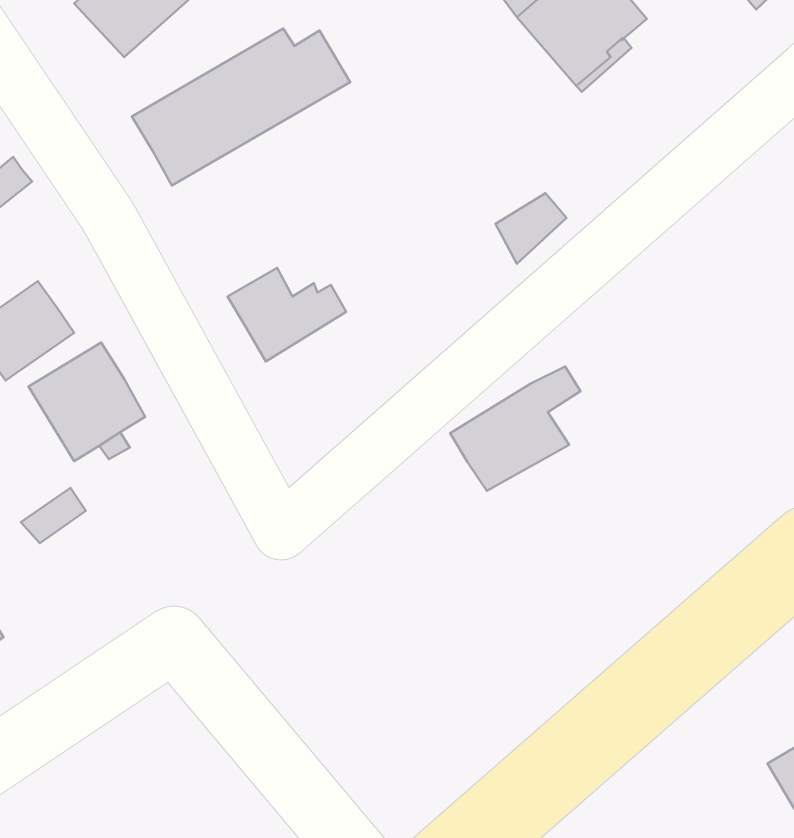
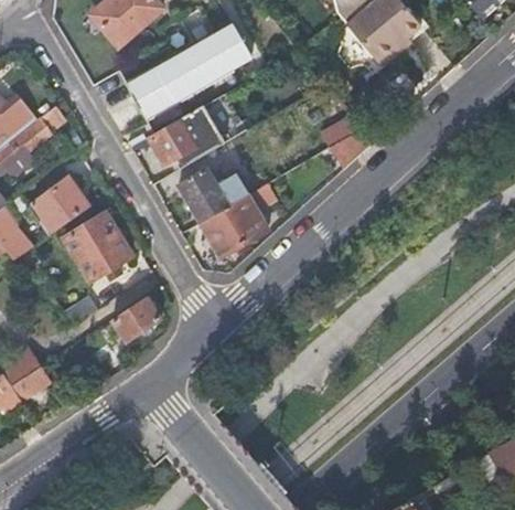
building: none -> [151,105,226,169]
building: [450,366,581,491] -> [201,184,276,256]
building: none -> [111,296,161,341]

